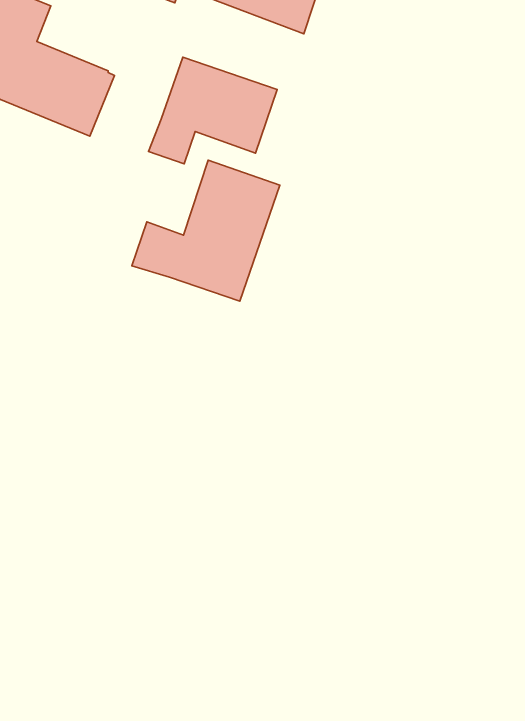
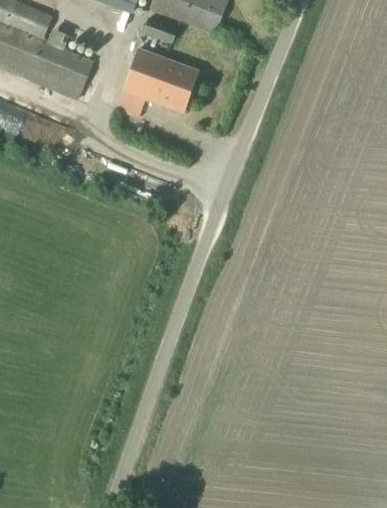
building: none -> [142,16,176,42]
building: [132,160,280,301] -> none

